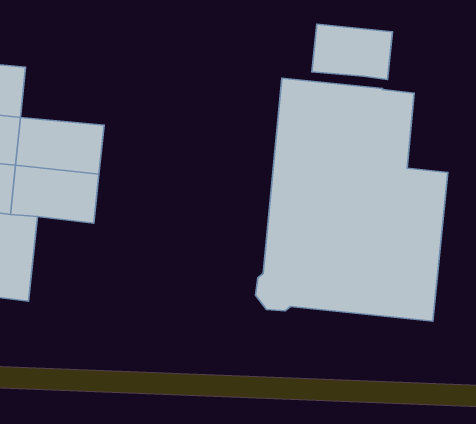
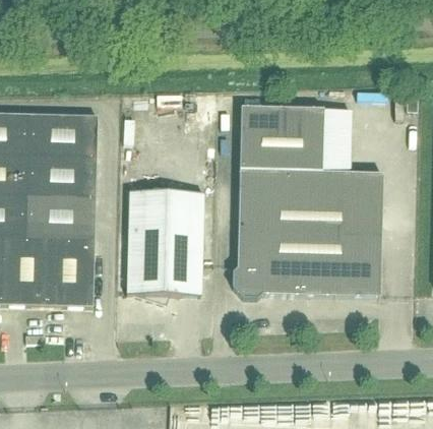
building: [312,24,392,80] -> none
building: none -> [28,112,99,155]
building: none -> [127,188,204,302]
building: none -> [47,234,96,305]

